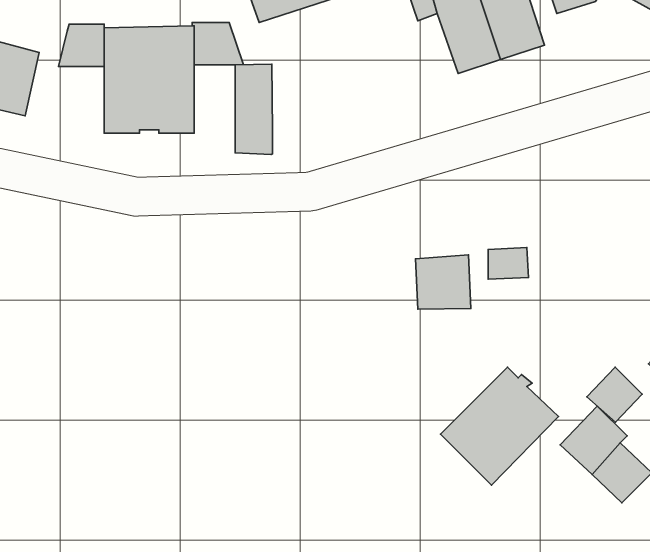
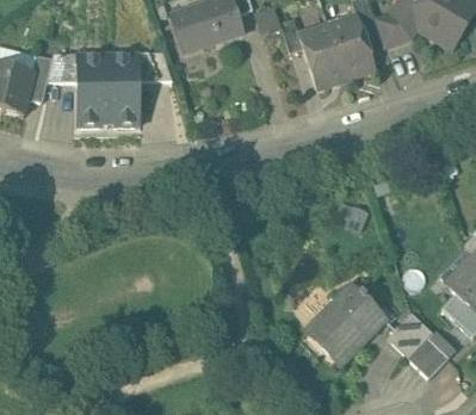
building: [235,64,272,155] -> none
building: [416,255,471,309] -> none
building: [587,367,642,422] -> none

